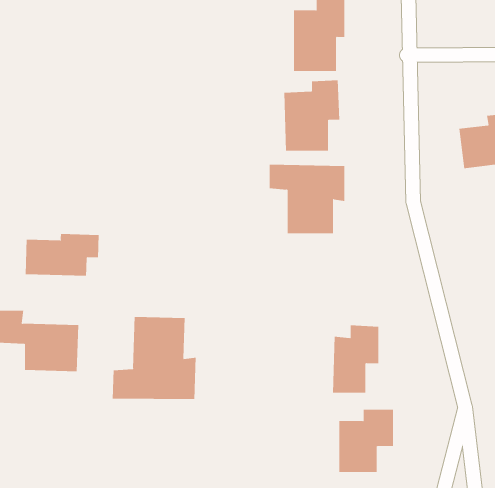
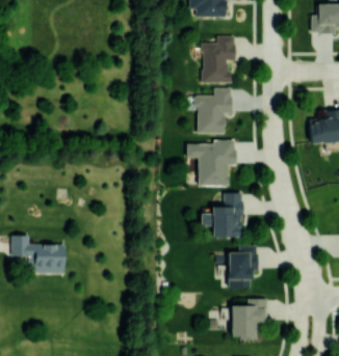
building: [25,233,99,277] -> none
building: none -> [202,191,242,237]
building: [112,316,196,400] -> none

